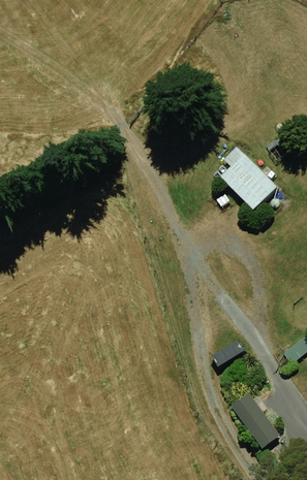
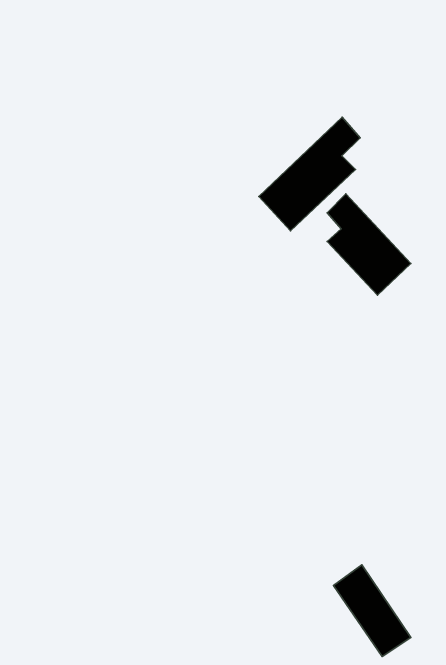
building: none -> [259,117,360,231]

